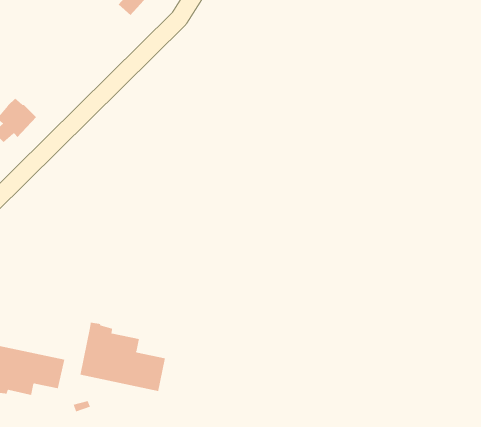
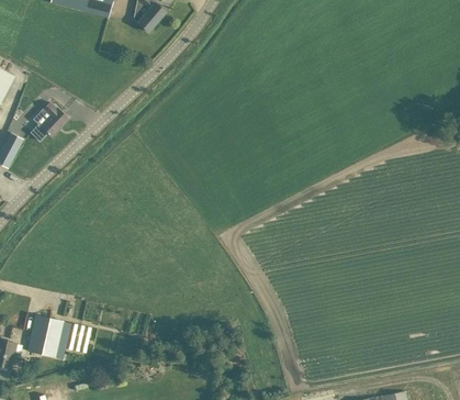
building: [80,322,165,392] -> none

